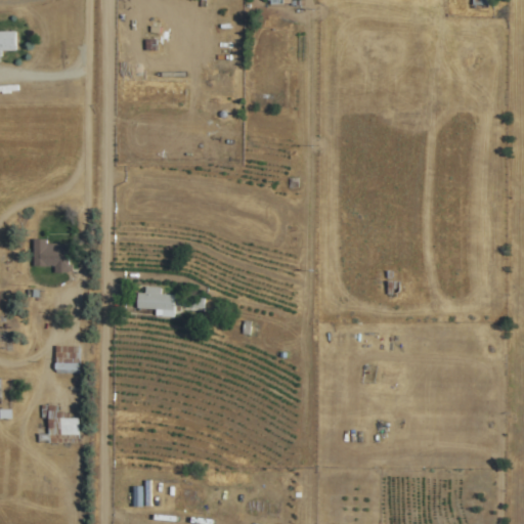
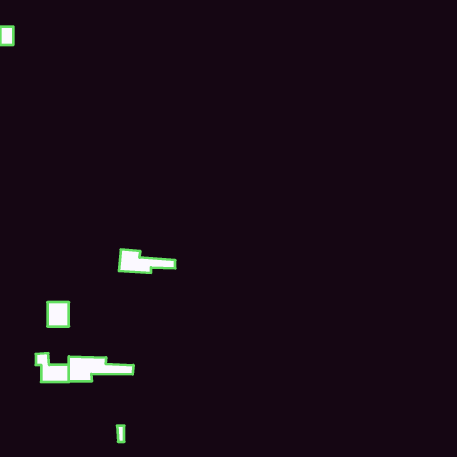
building: [33,242,70,272] -> none
building: none -> [69,356,133,382]

